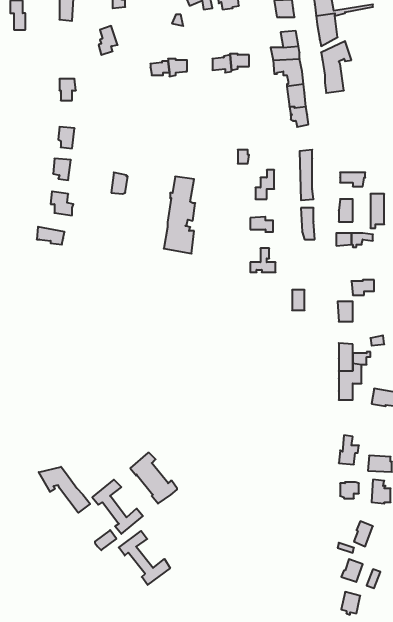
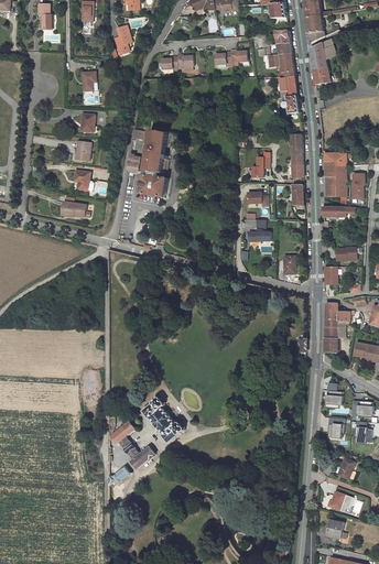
building: [164,177,195,254] -> [141,130,169,197]
building: none -> [326,162,346,196]
building: [39,467,90,513] -> none
building: [119,531,170,585] -> none

